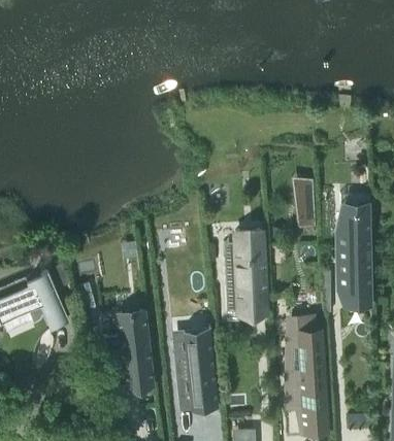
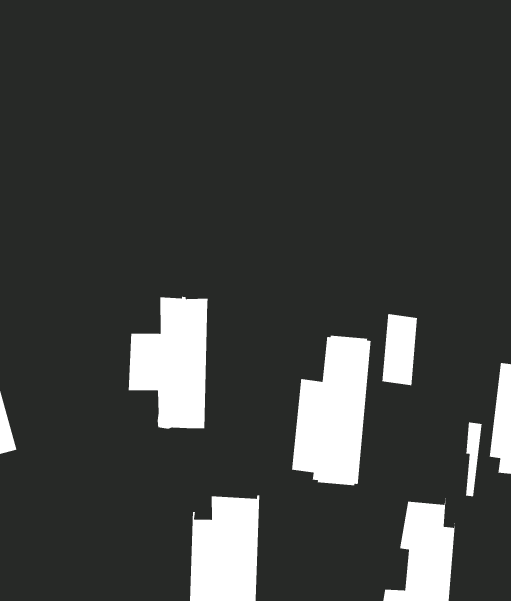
building: [295,189,315,228] -> [382,313,418,386]
building: [103,311,153,388] -> [128,296,209,429]

